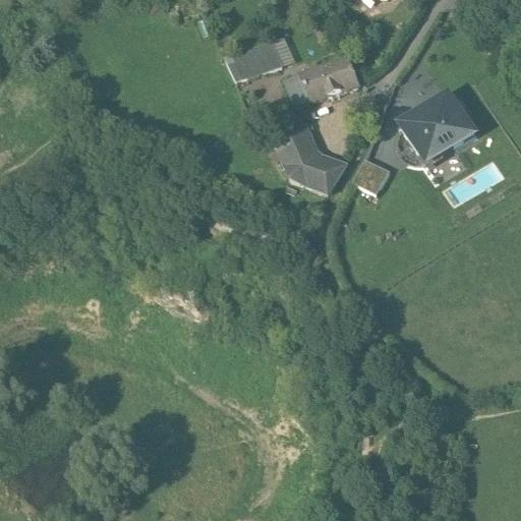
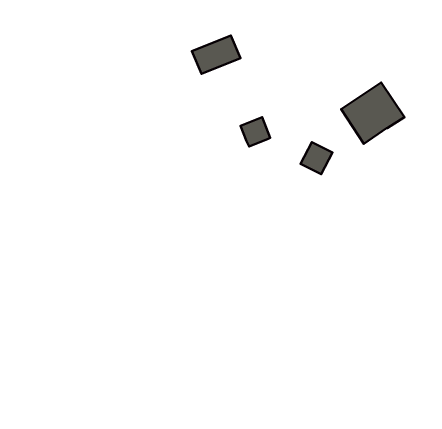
building: [283,59,358,113] -> none
building: [283,163,345,204] -> none

